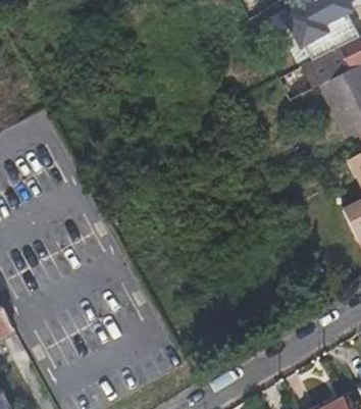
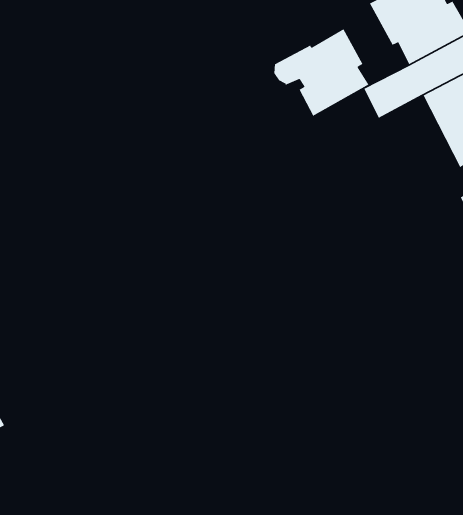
building: none -> [273,28,369,117]

